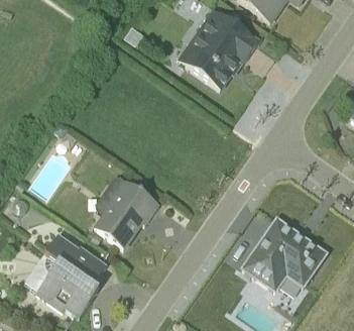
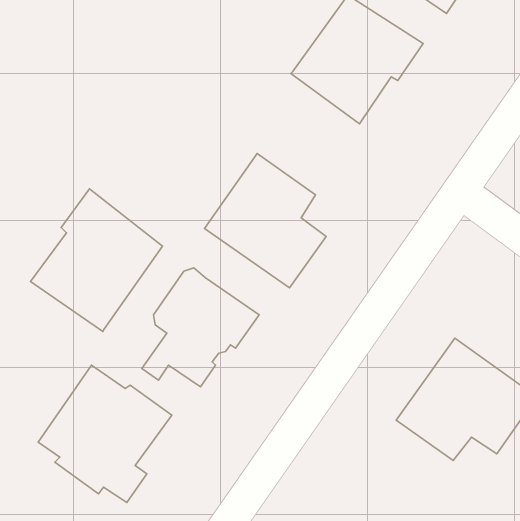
building: none -> [205,154,326,288]
building: none -> [30,189,162,332]

